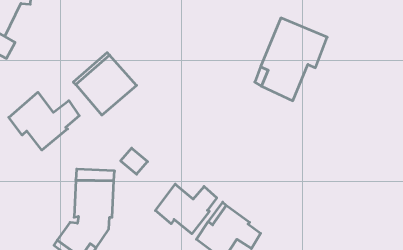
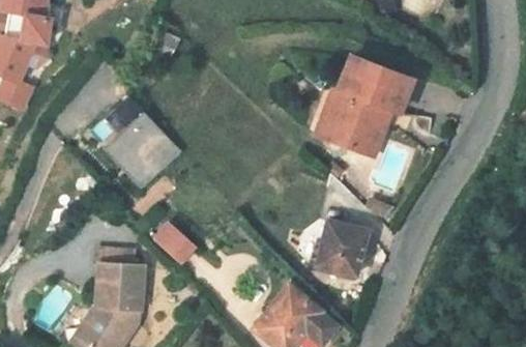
building: [9,92,79,150] -> none
building: none -> [310,221,359,277]
building: [155,184,217,234] -> none

